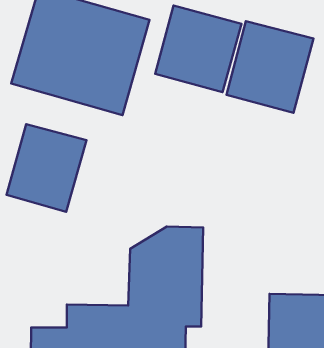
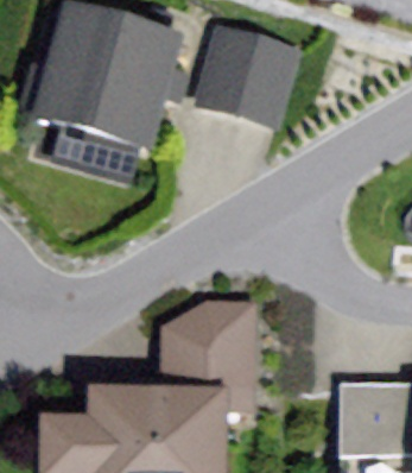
building: [226,21,313,113] -> none
building: [6,124,87,212] -> none

